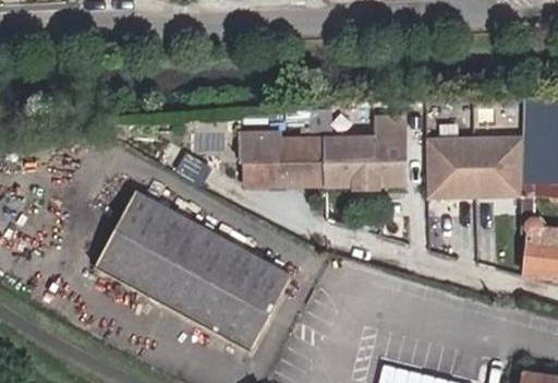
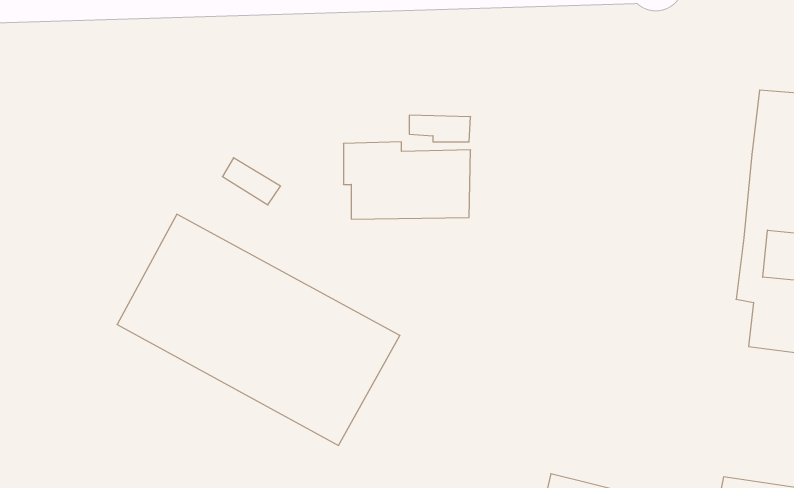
building: [330,119,404,192] -> none
building: [430,141,526,200] -> none

